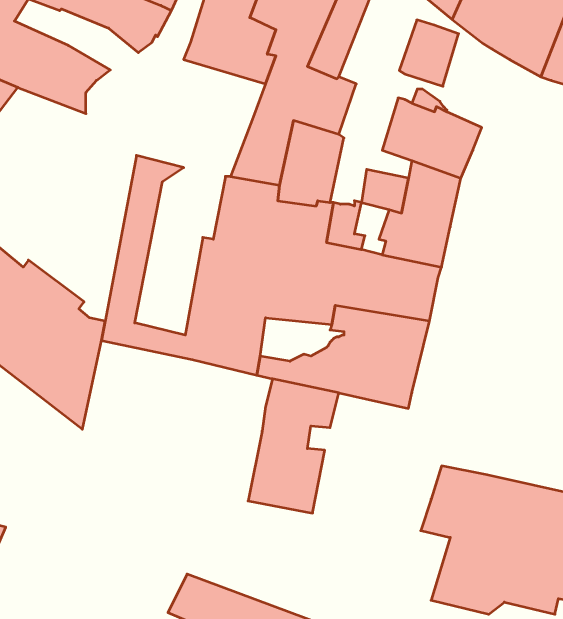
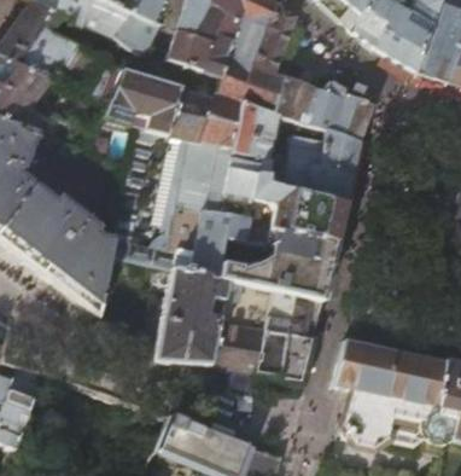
building: [399,20,459,86] -> [275,75,316,121]
building: none -> [104,69,216,139]
building: none -> [154,266,229,364]
building: none -> [257,289,323,379]

